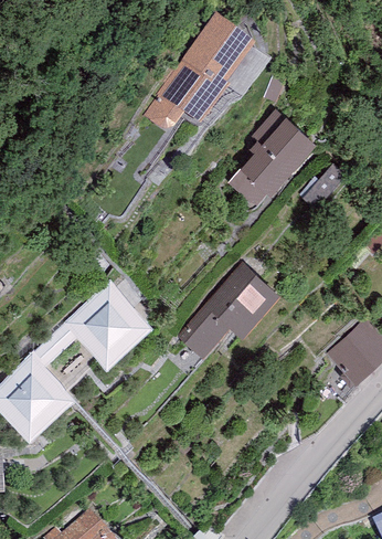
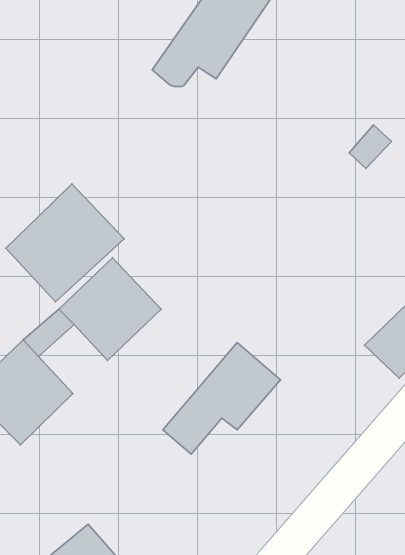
building: [226,110,315,207] -> none
building: none -> [6,184,124,302]
building: [178,263,279,359] -> [163,343,281,454]

